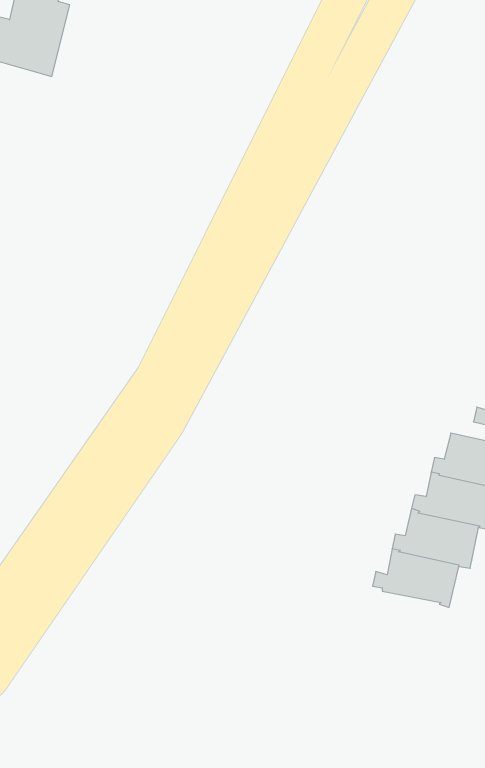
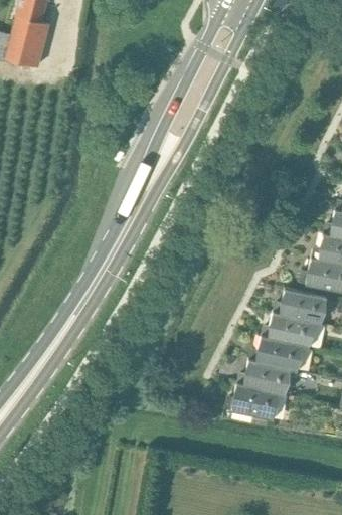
building: none -> [224,382,280,418]

